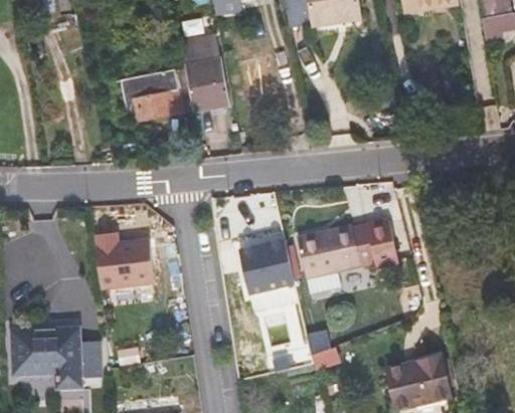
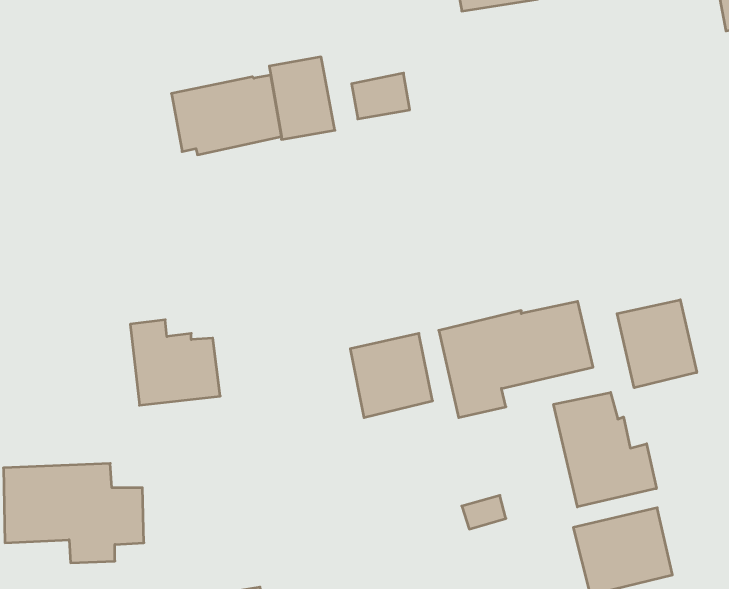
building: [181,33,219,63] -> [352,73,410,119]
building: none -> [617,300,697,388]
building: none -> [554,392,656,507]

